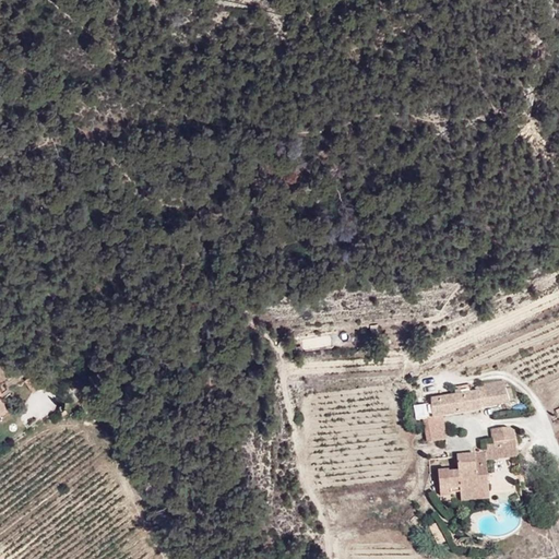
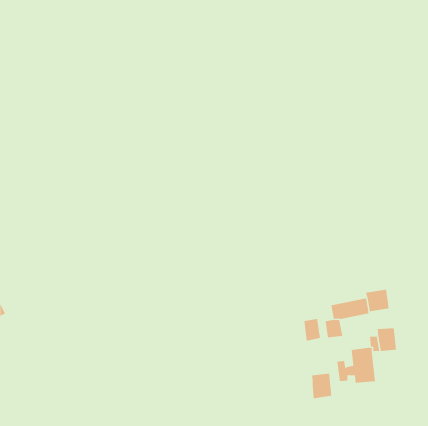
building: none -> [304,318,320,342]
building: none -> [312,373,332,399]

